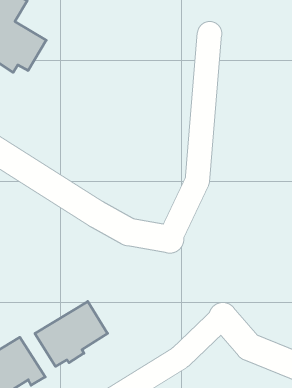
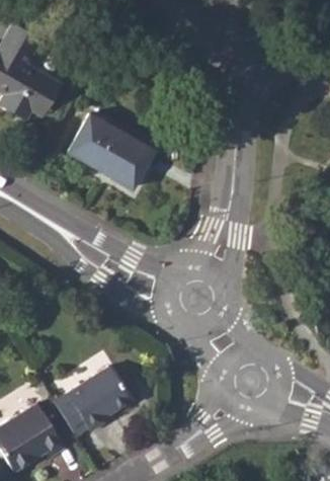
building: none -> [67,115,151,188]

